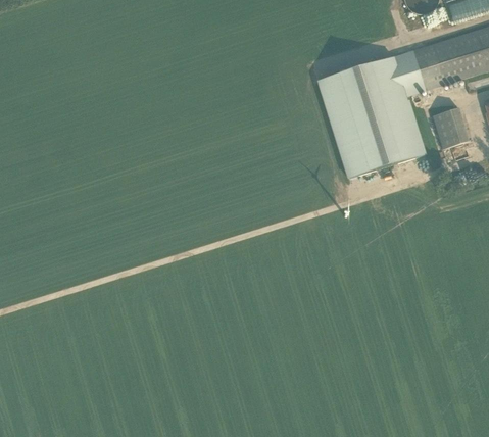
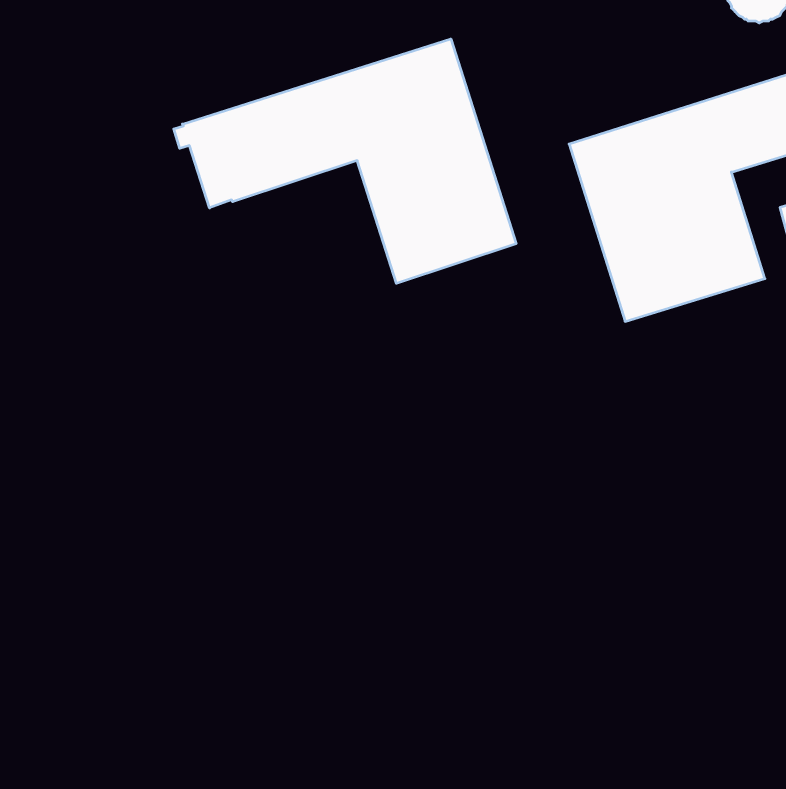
building: none -> [174,39,516,283]

